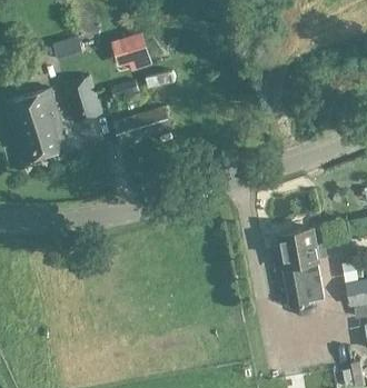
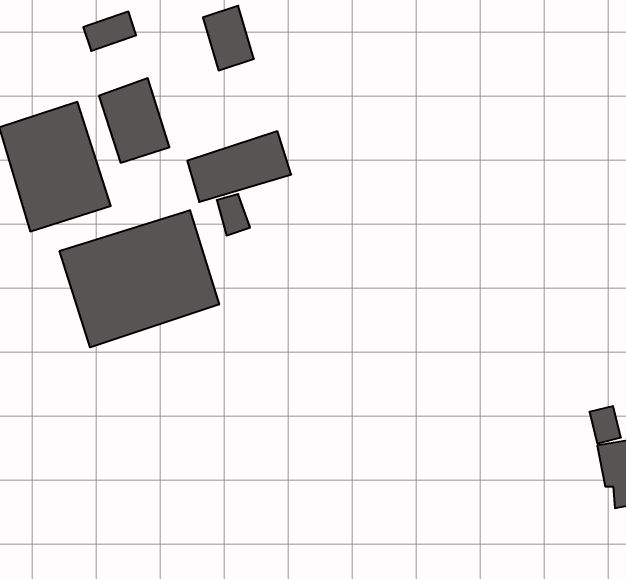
building: none -> [60,210,219,347]
building: [272,227,325,306] -> none

